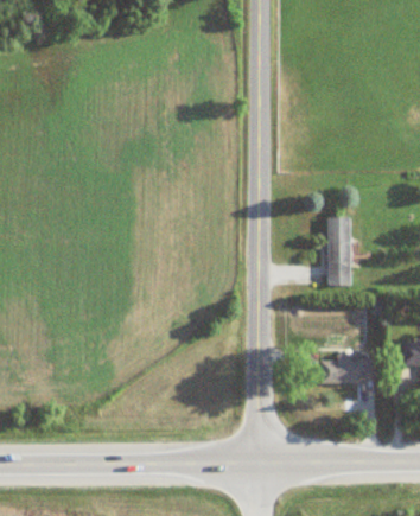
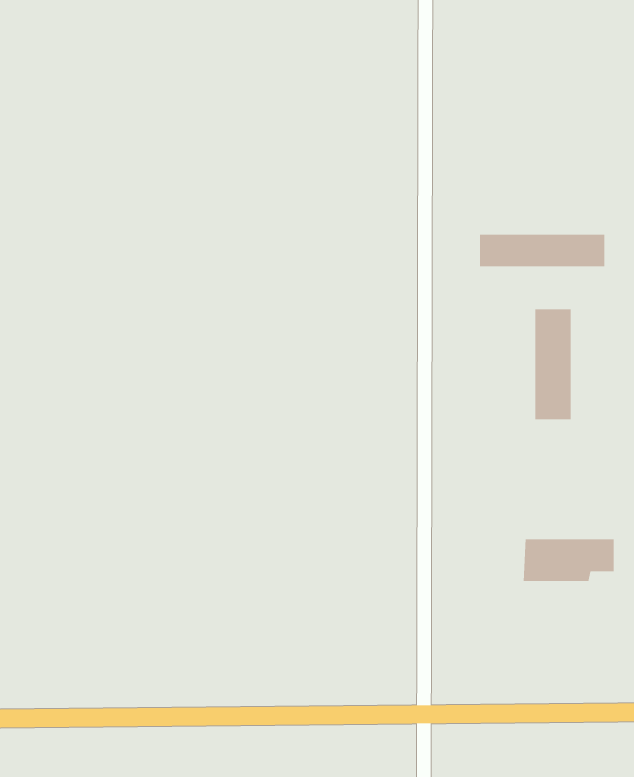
building: none -> [479,234,605,267]

